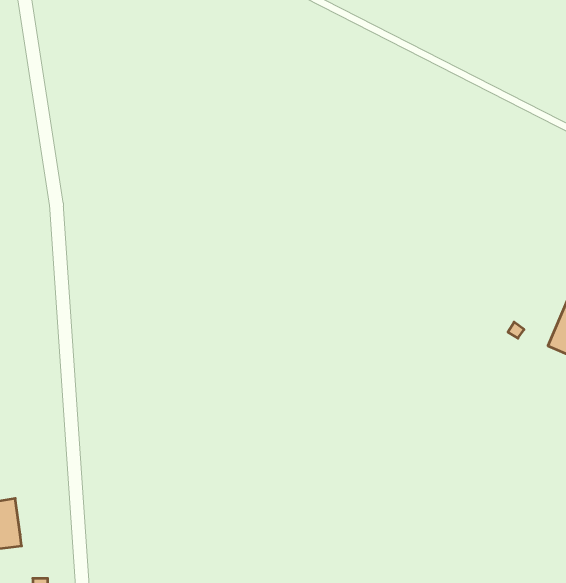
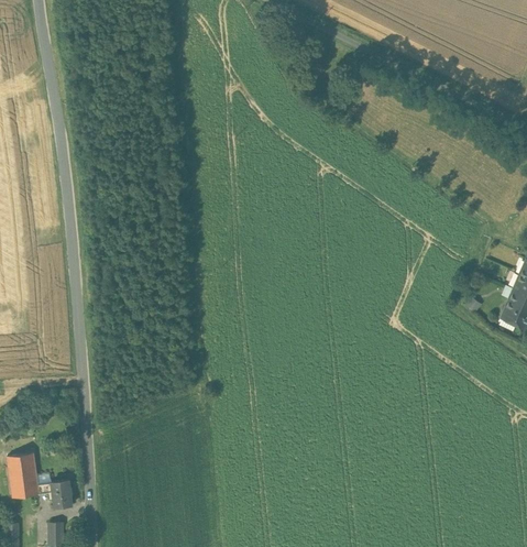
building: none -> [37,481,72,508]

